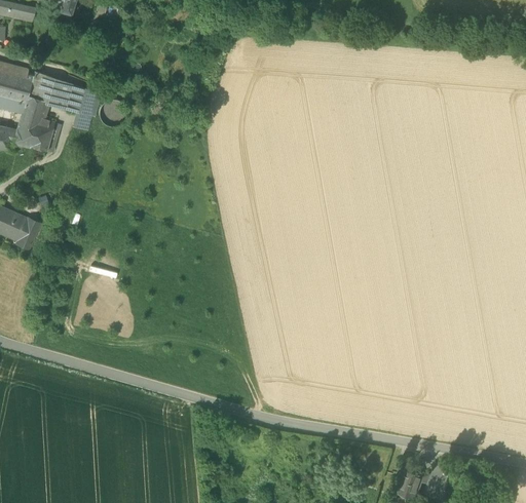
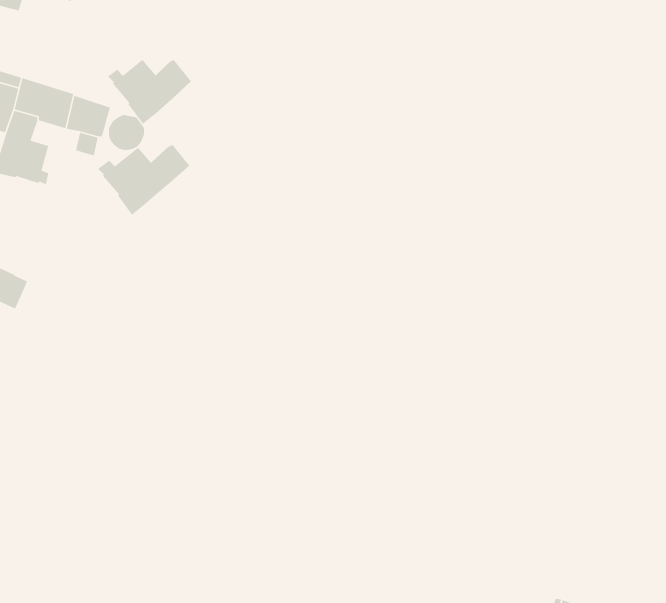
building: none -> [107,59,192,125]
building: none -> [97,144,190,216]

